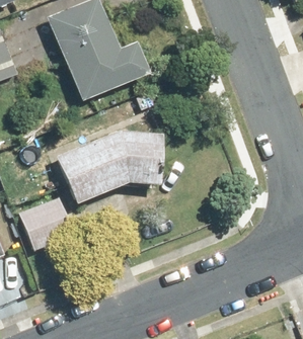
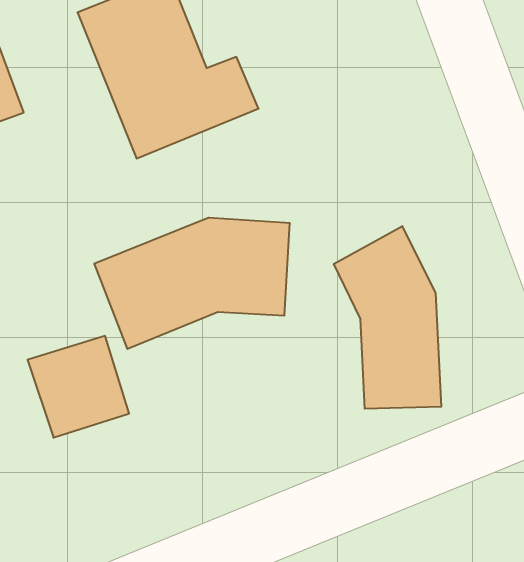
building: none -> [334,226,441,409]

